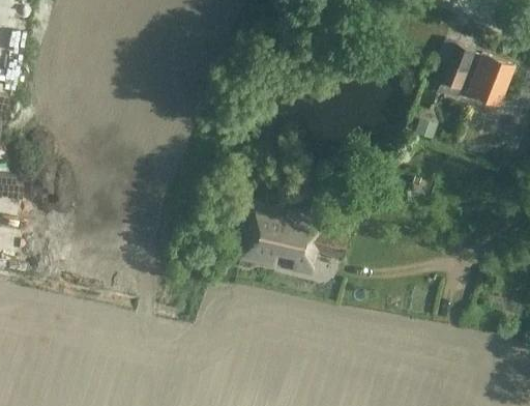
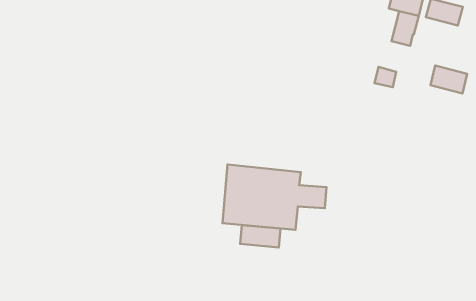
building: [468,74,507,106] -> [430,66,467,94]
building: none -> [240,225,280,247]

